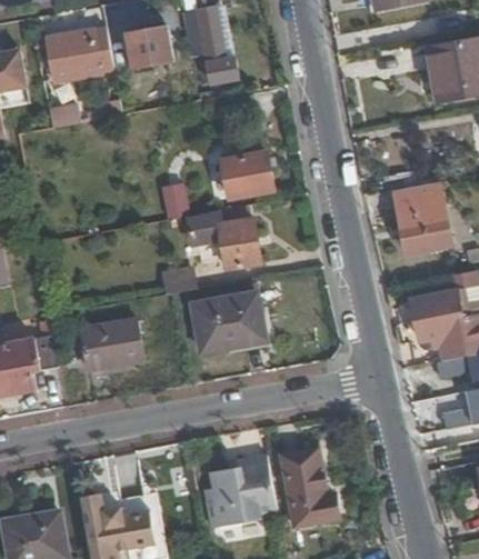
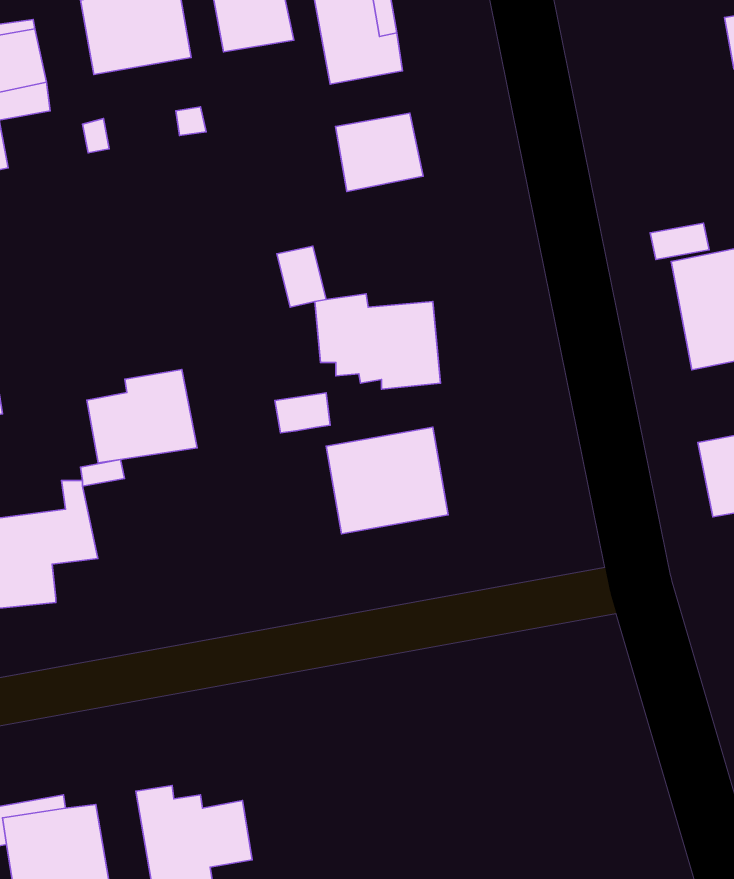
building: [227,152,278,198] -> [335,113,423,191]
building: [81,312,146,367] -> [87,370,197,463]
building: [279,439,341,523] -> none
building: [203,453,277,528] -> none

